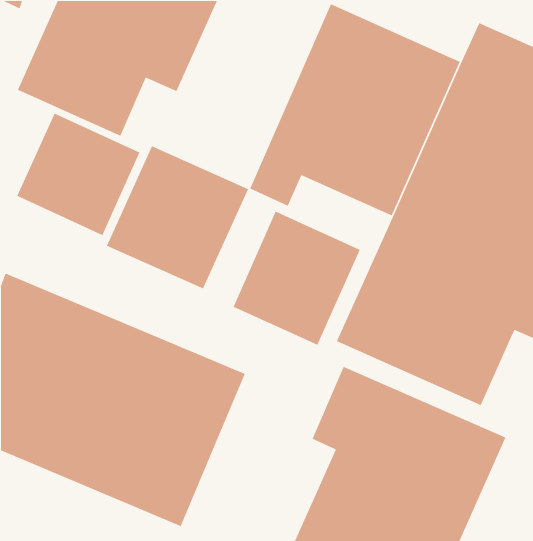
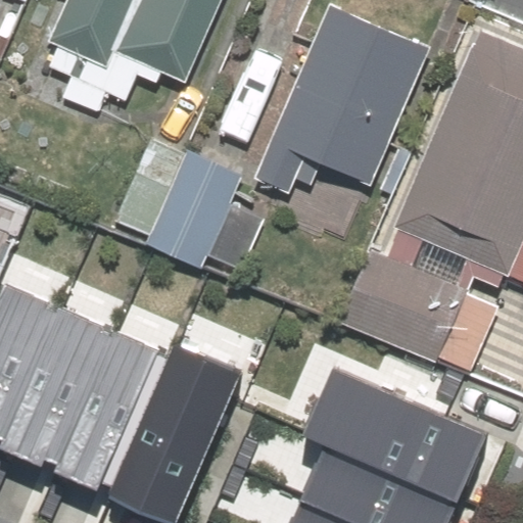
building: [16,112,141,236] -> none
building: [232,211,361,346] -> none

